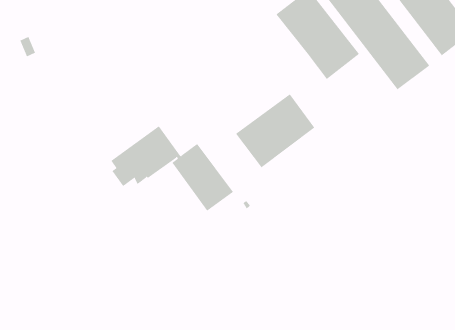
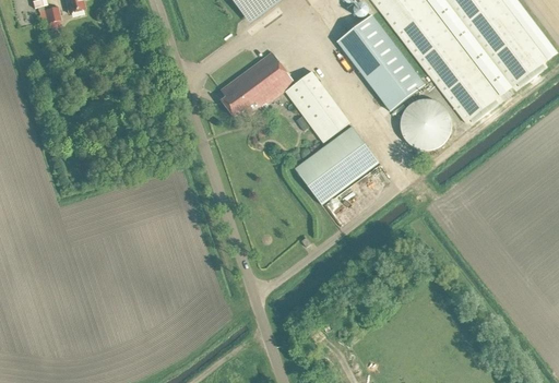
building: none -> [401,98,449,145]
building: [110,126,234,212] -> [221,50,350,141]

